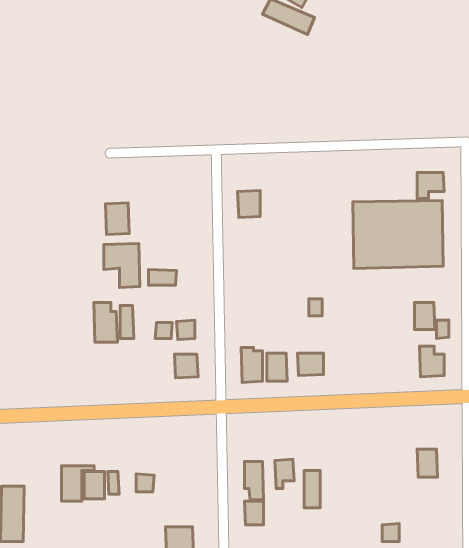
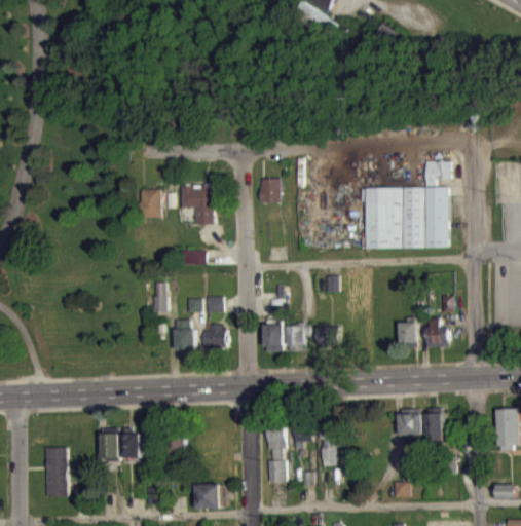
building: [104,243,140,288] -> [183,185,216,225]
building: [414,302,435,329] -> [400,322,418,346]
building: [94,302,117,342] -> [175,320,196,355]
building: none -> [398,410,421,436]

